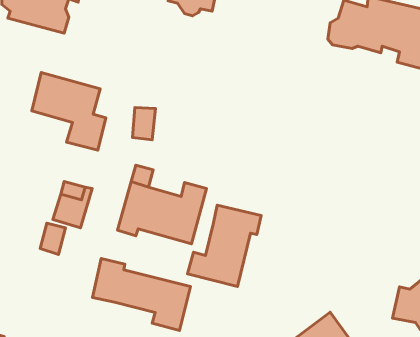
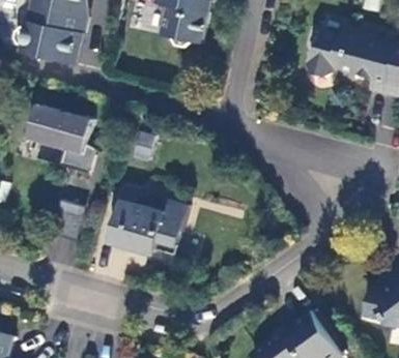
building: [188,205,261,287] -> none
building: [93,259,190,330] -> none

